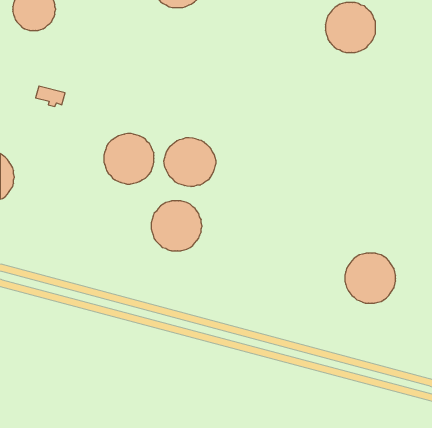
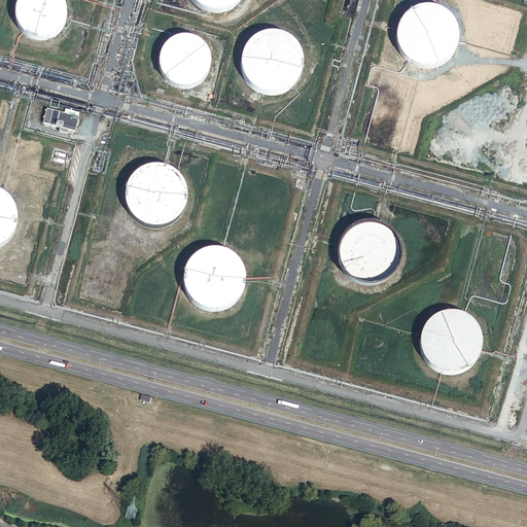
building: none -> [242,29,303,91]
building: none -> [157,33,210,85]
building: [164,138,216,187] -> none
building: none -> [339,218,400,280]

